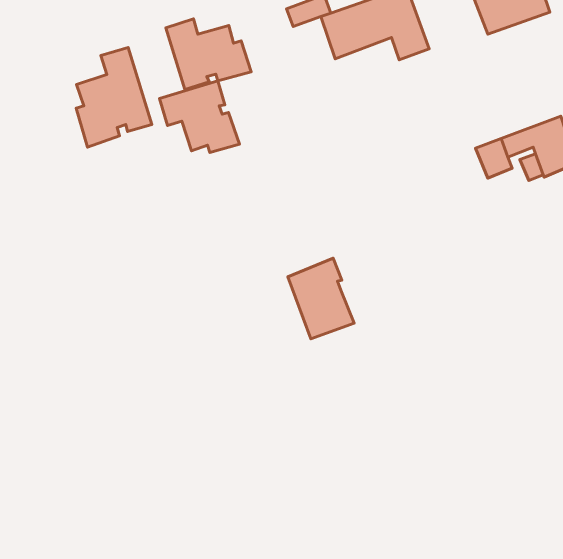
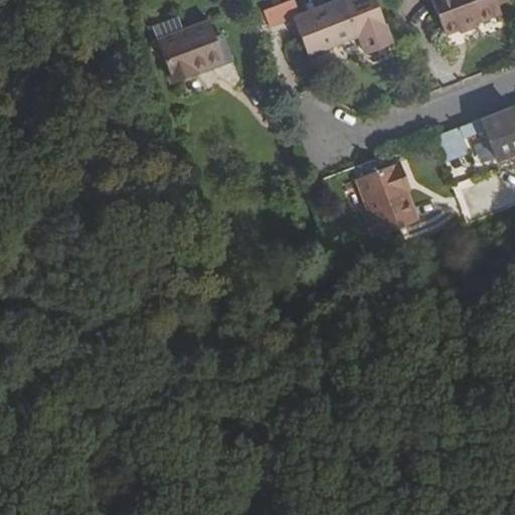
building: [76,48,152,147] -> none
building: [160,81,239,152] -> none
building: [288,258,354,339] -> [358,161,418,234]

